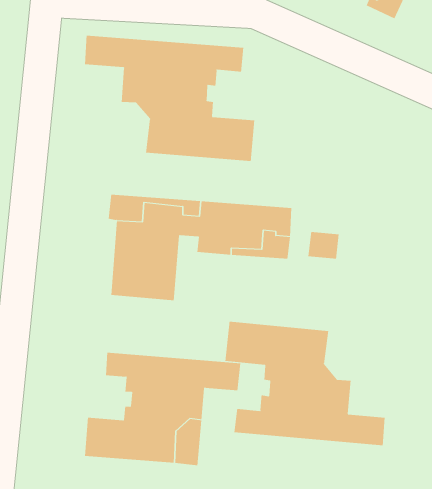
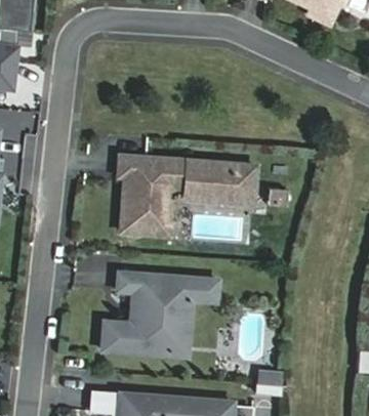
building: [84,35,255,162] -> none
building: [225,321,385,446] -> none

